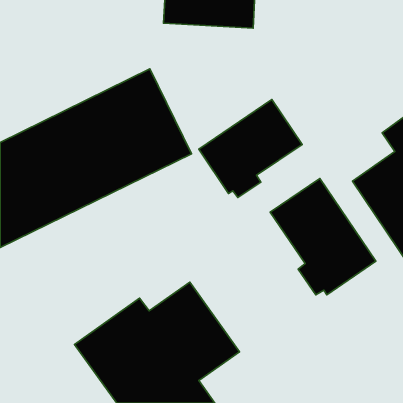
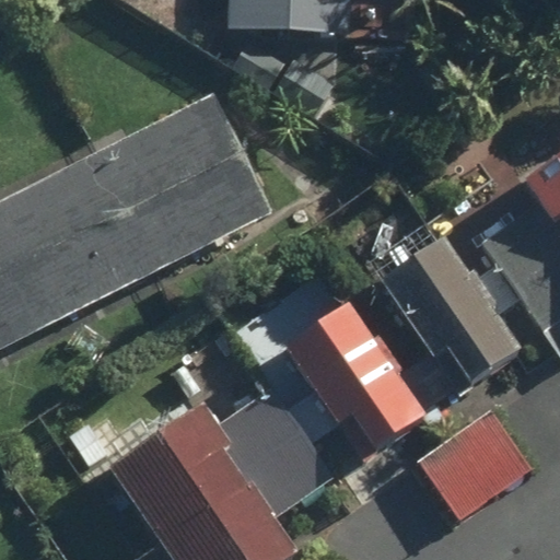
building: [199,100,302,197] -> none
building: none -> [280,305,428,458]
building: none -> [418,408,536,522]

